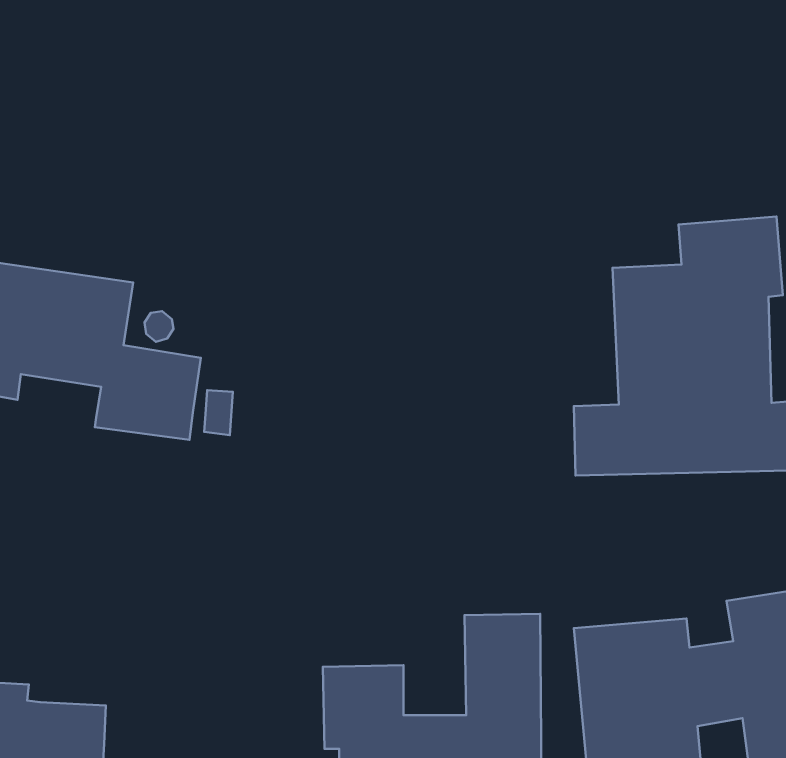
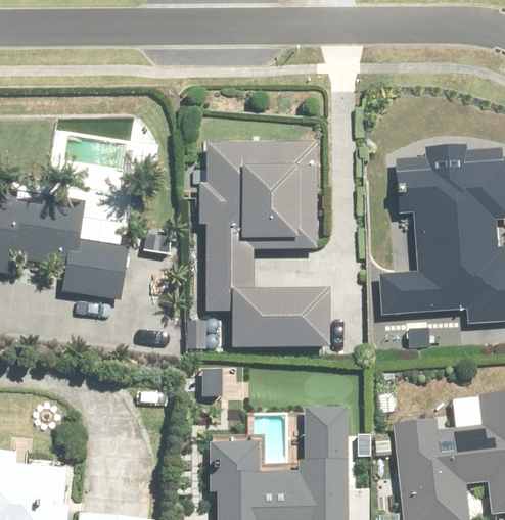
building: none -> [208,145,328,347]

